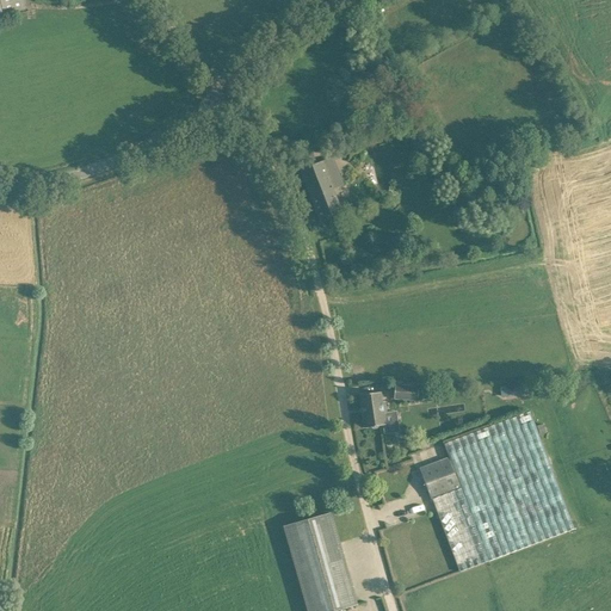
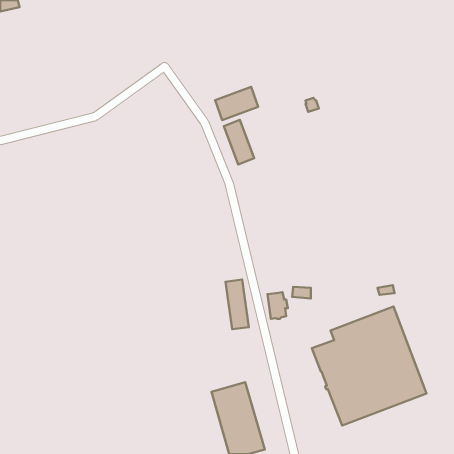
building: none -> [215,87,258,120]
building: none -> [225,280,249,329]

